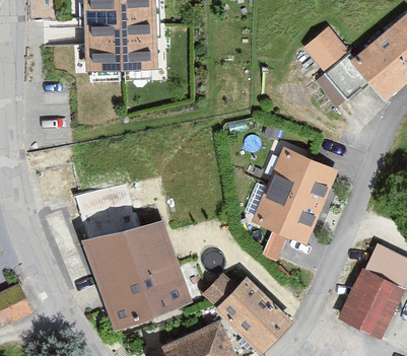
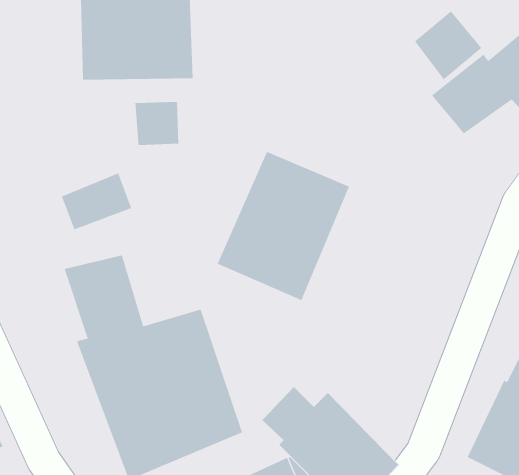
building: none -> [135,101,179,146]
building: none -> [61,173,132,230]
building: [251,147,338,245] -> [217,151,350,301]

